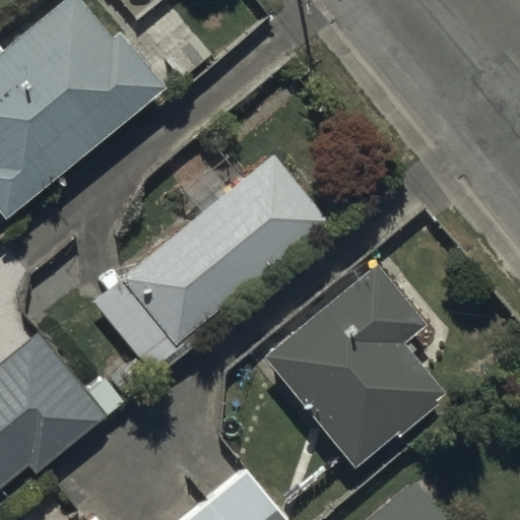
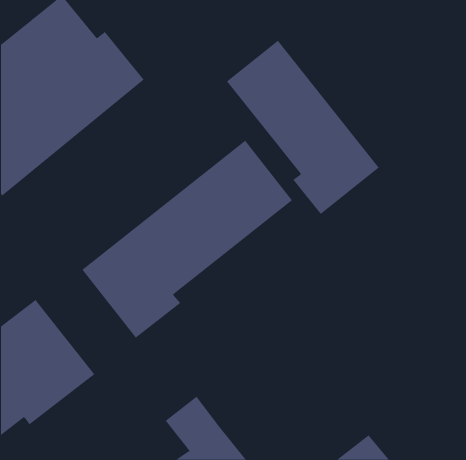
building: none -> [226,40,380,215]
building: [264,267,442,469] -> none

